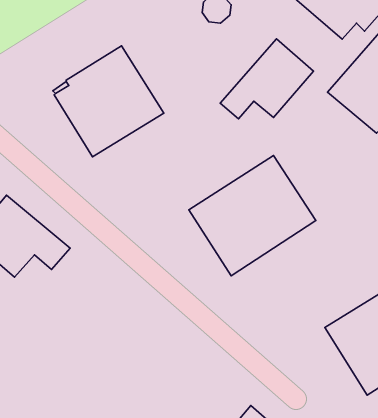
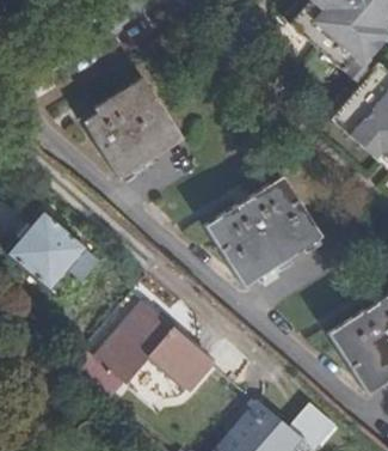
building: [220,39,314,119] -> none
building: none -> [72,300,214,400]

